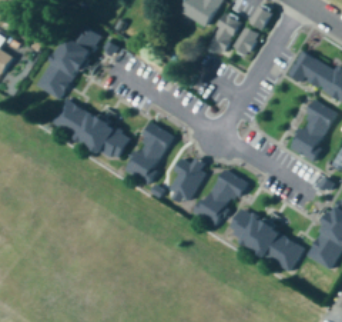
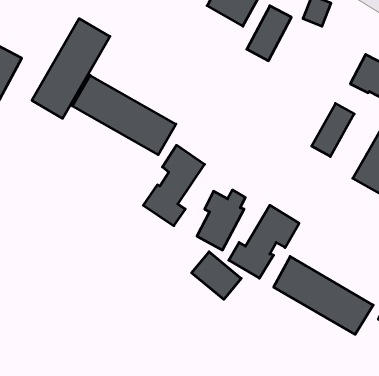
building: [231,24,260,55] -> none
building: none -> [312,103,354,157]
building: [52,98,133,160] -> [72,75,176,155]
building: none -> [192,252,241,299]

